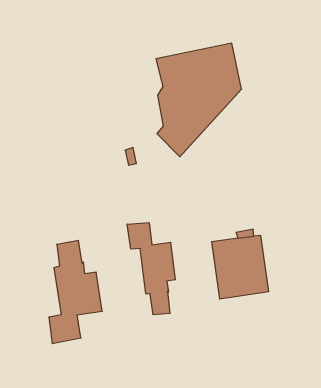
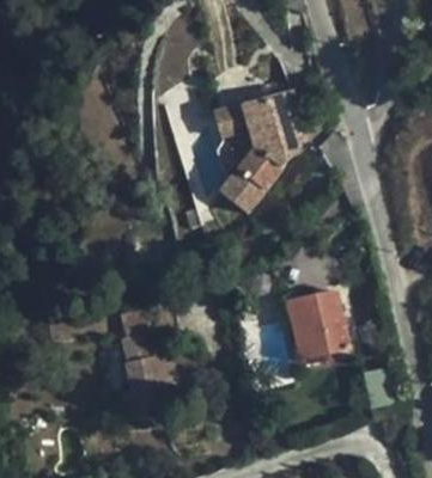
building: [127,223,175,315] -> none

